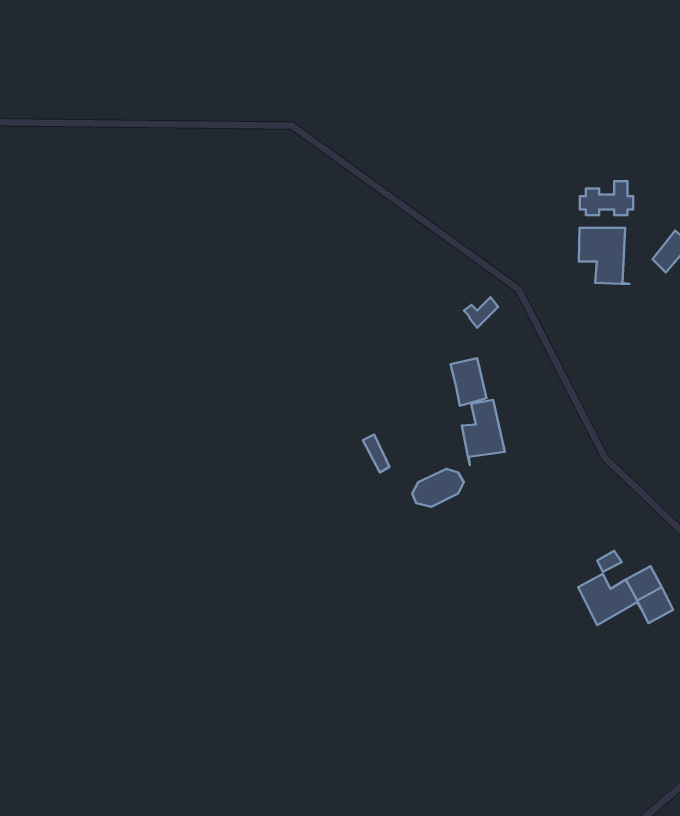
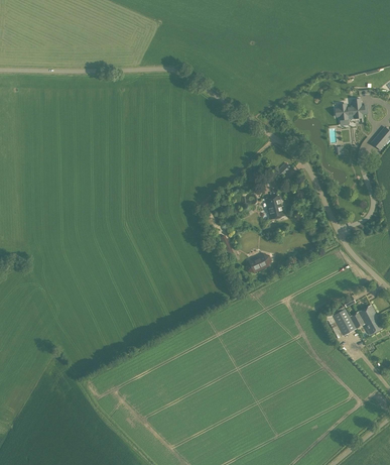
building: [579,228,630,284] -> none
building: [462,400,505,465] -> none

